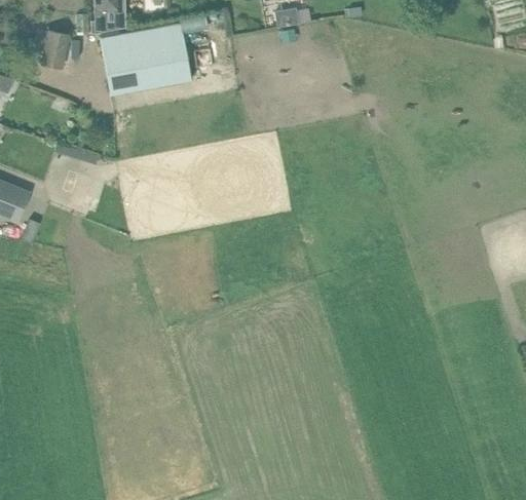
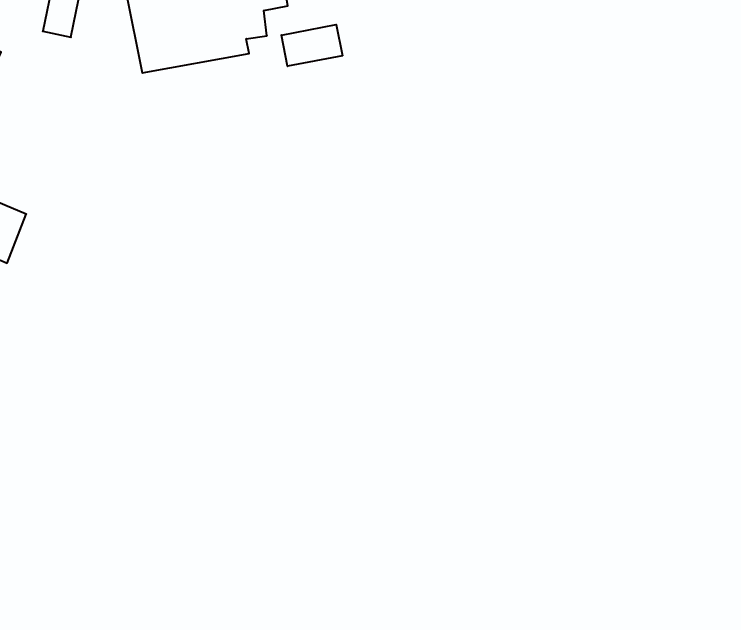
building: none -> [281,25,342,66]

